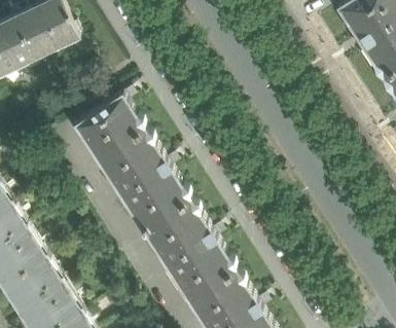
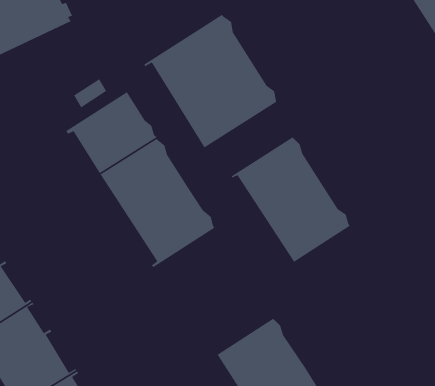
building: none -> [143,14,278,149]
building: [142,201,236,299] -> [231,136,350,263]

